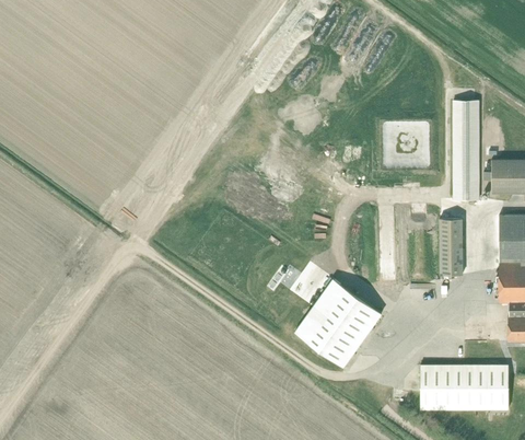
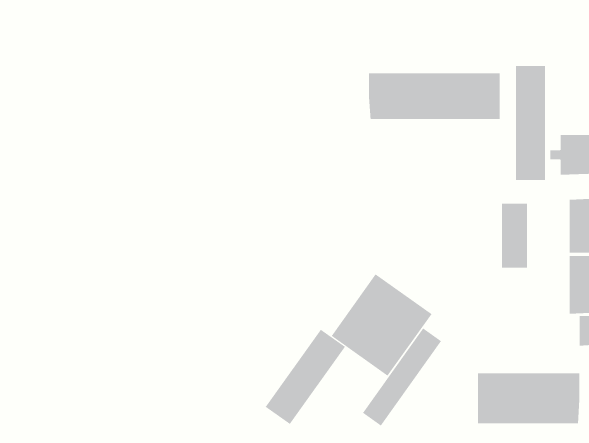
building: none -> [368,72,500,120]
building: none -> [362,327,442,426]
building: none -> [265,329,346,425]

